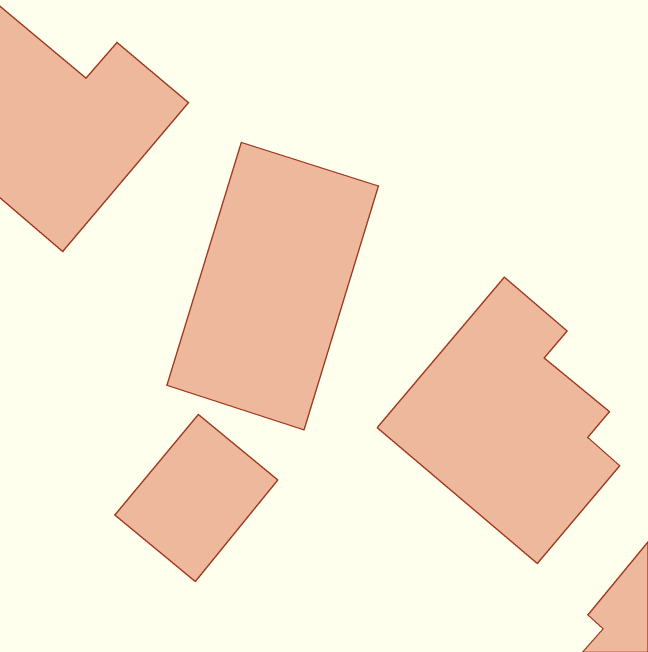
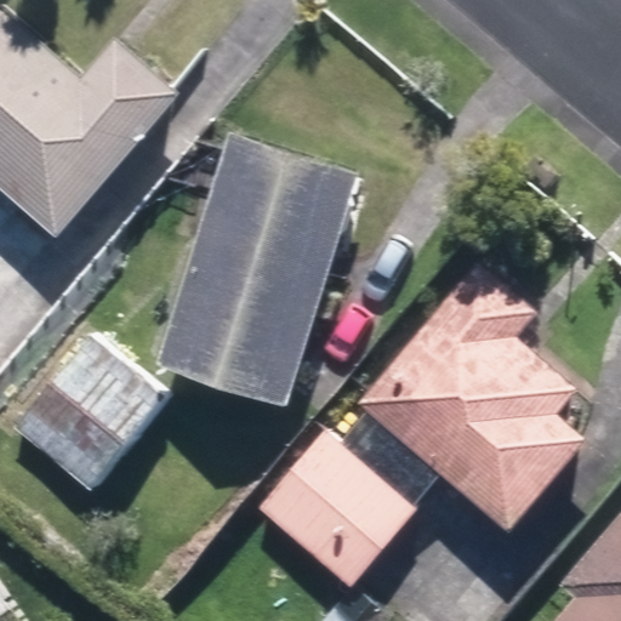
building: [115,415,278,581] -> [13,331,167,489]
building: none -> [258,431,416,588]

